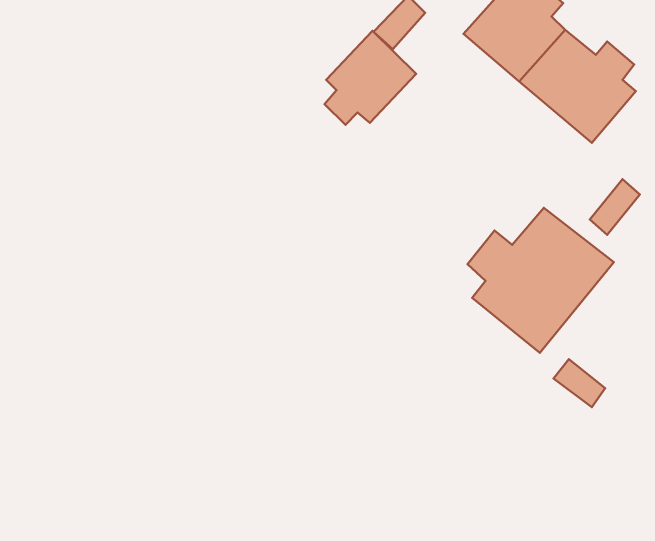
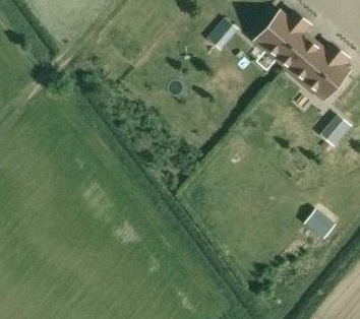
building: [325,31,416,125] -> none
building: [467,208,614,353] -> none

